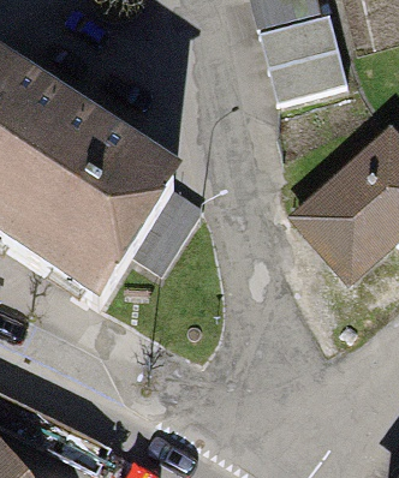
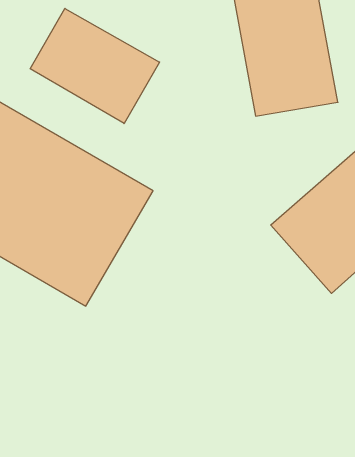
building: none -> [30,8,160,124]

